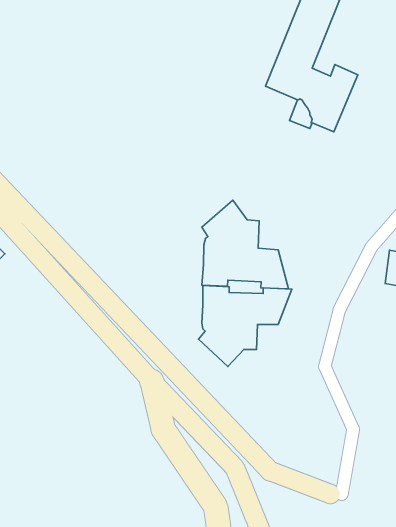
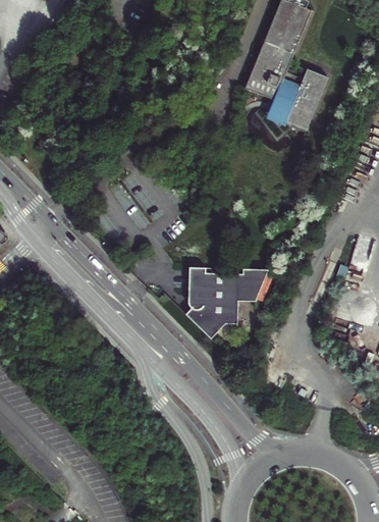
building: [202,200,288,289] -> none

